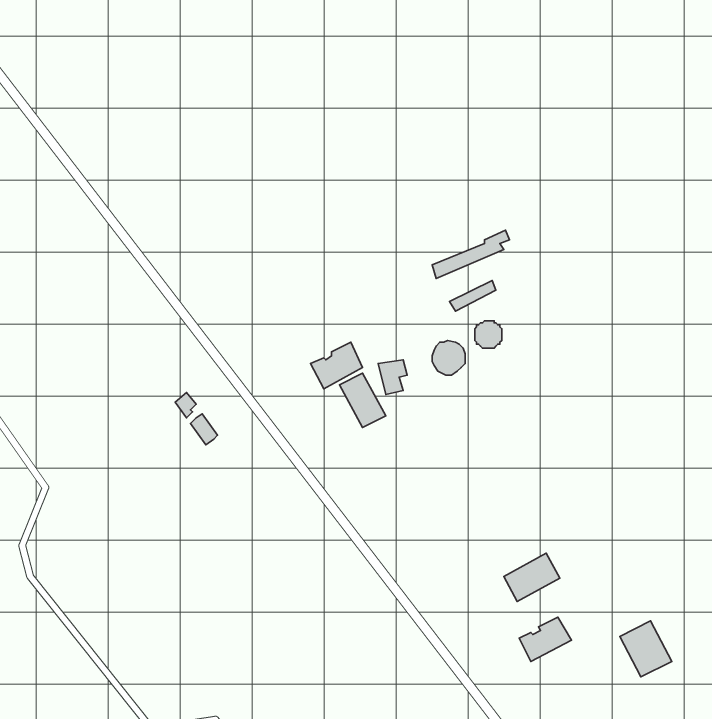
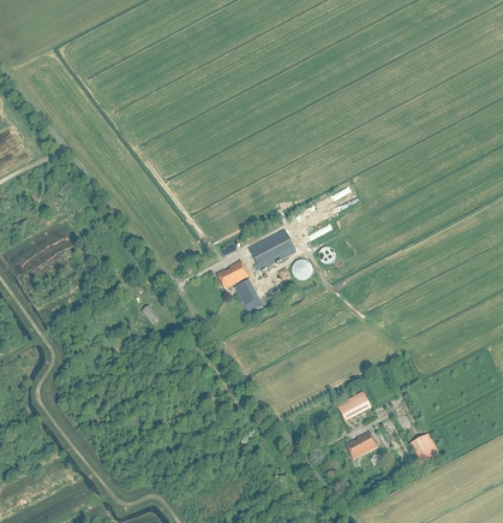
building: none -> [248,228,297,269]

